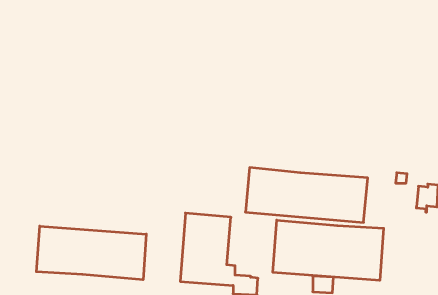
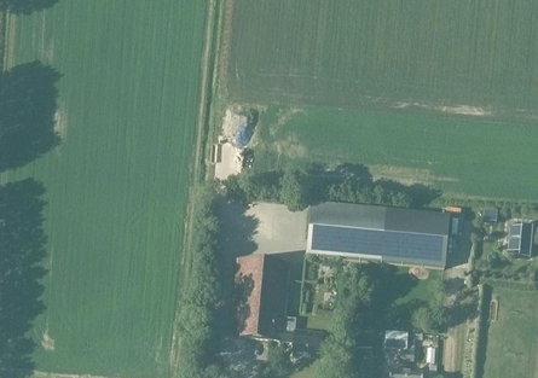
building: [273,220,384,280] -> none
building: [36,226,146,280] -> none

